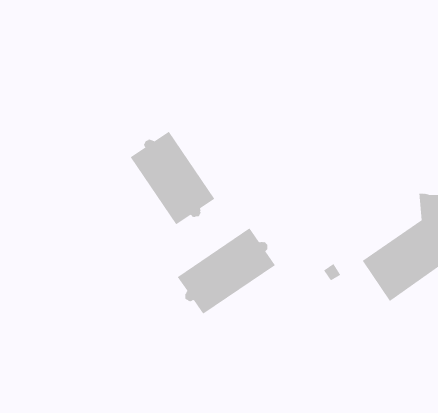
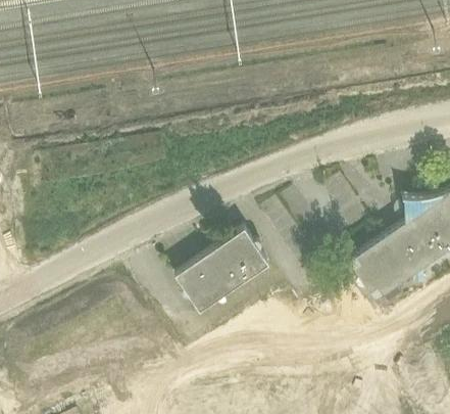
building: [130,131,215,225] -> none

